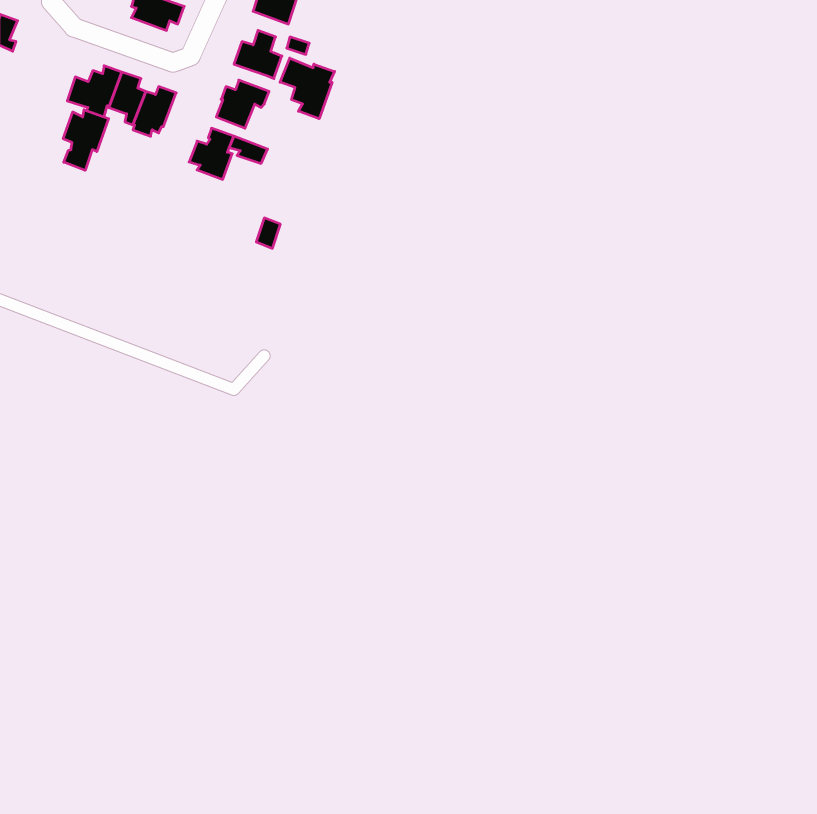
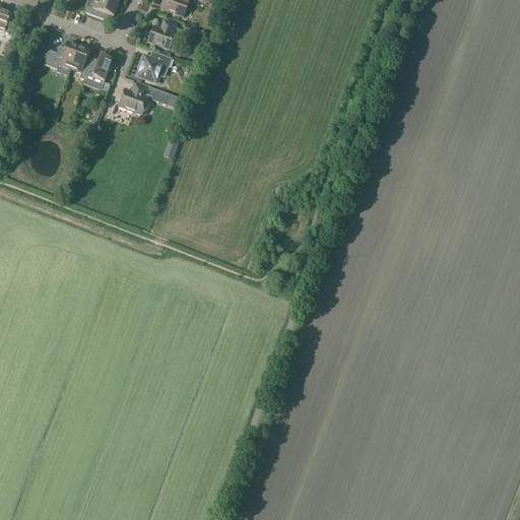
building: [280,58,335,119] -> none
building: [63,110,109,170] -> none

